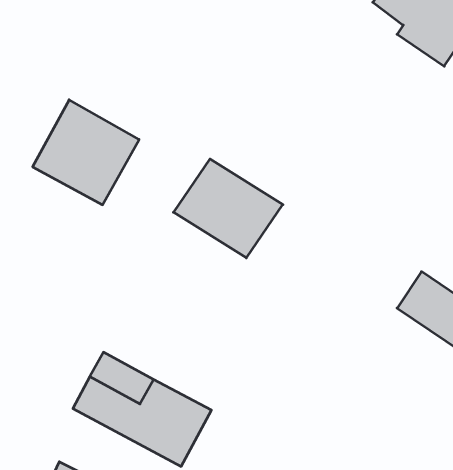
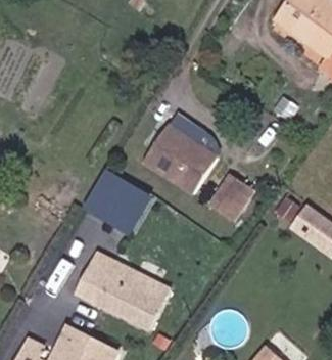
building: [33,100,139,205] -> [82,168,153,238]
building: none -> [208,174,254,221]

